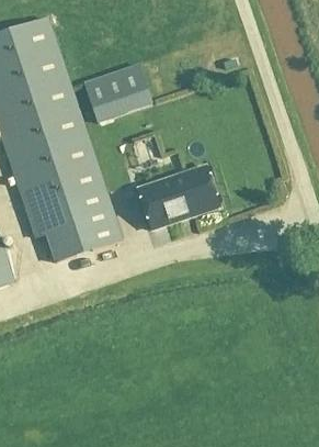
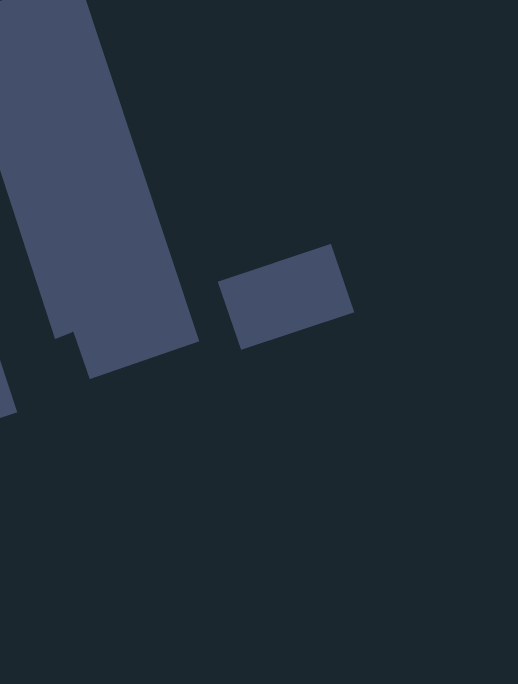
building: [86,63,151,119] -> none

